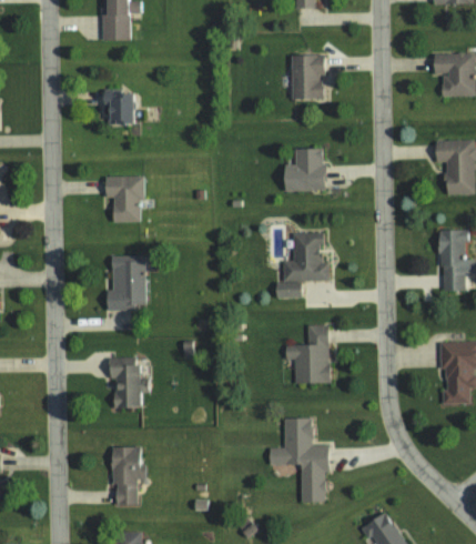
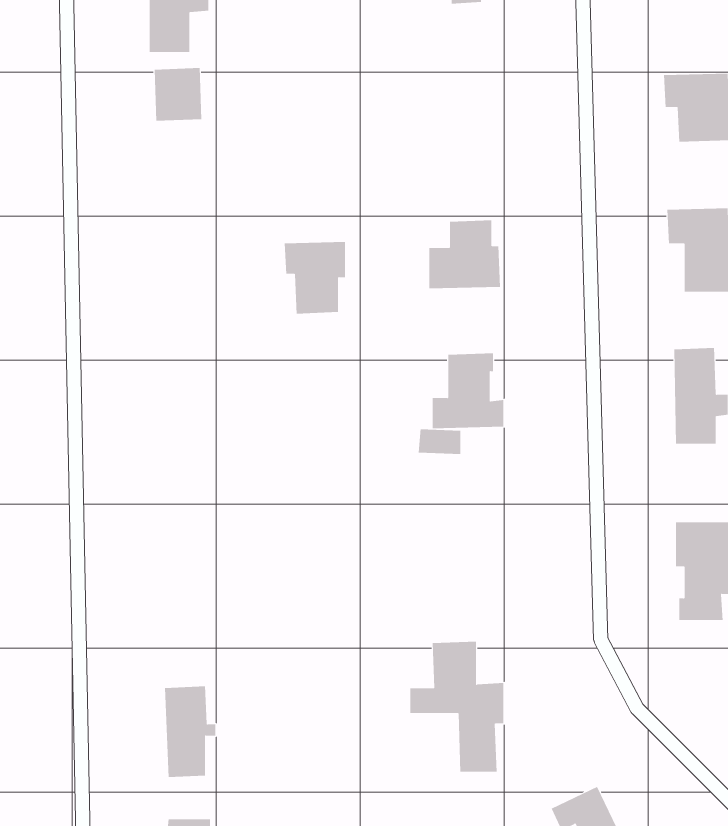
building: [291,54,324,99] -> none
building: [103,90,134,124] -> [154,68,202,121]
building: [103,175,143,222] -> [284,241,346,314]
building: [104,255,145,310] -> none
building: [284,324,330,383] -> none
building: [107,365,149,407] -> none

